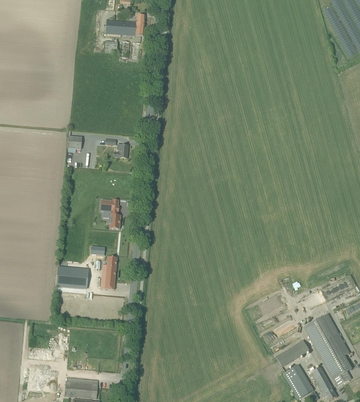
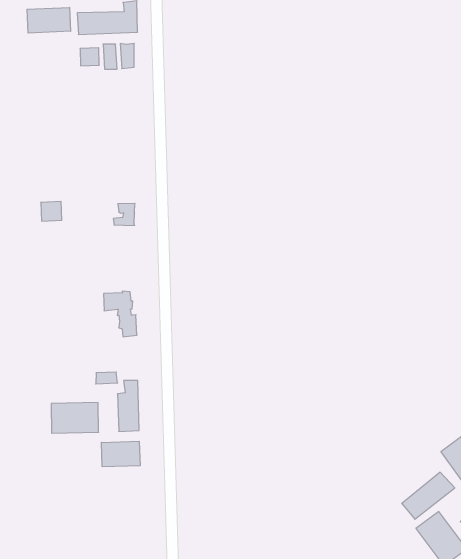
building: none -> [27,7,71,33]
building: none -> [101,441,140,467]

